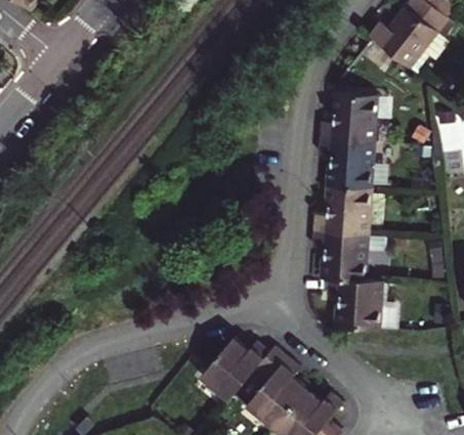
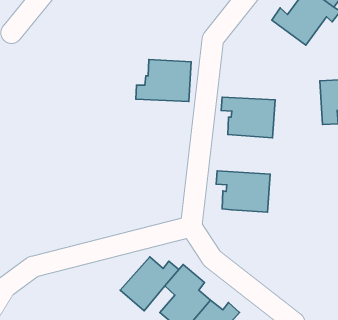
building: [320,90,388,142] -> [136,59,191,102]
building: [313,185,382,234] -> none
building: [331,278,388,330] -> none

